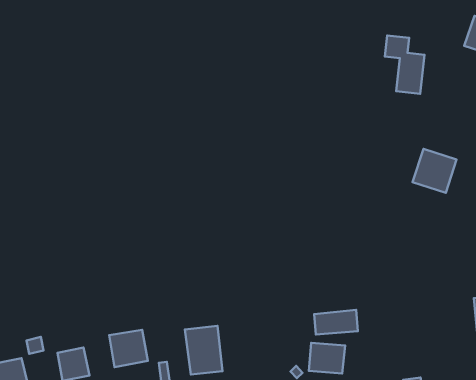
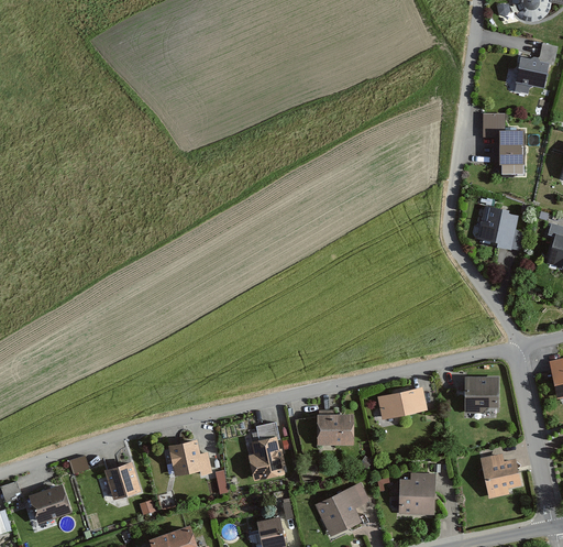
building: [385,35,425,94] -> [478,111,521,171]
building: none -> [465,376,500,412]
building: [309,343,345,374] -> [317,414,354,446]

